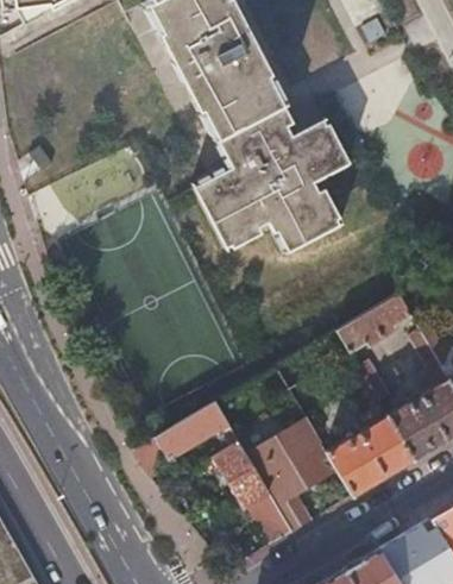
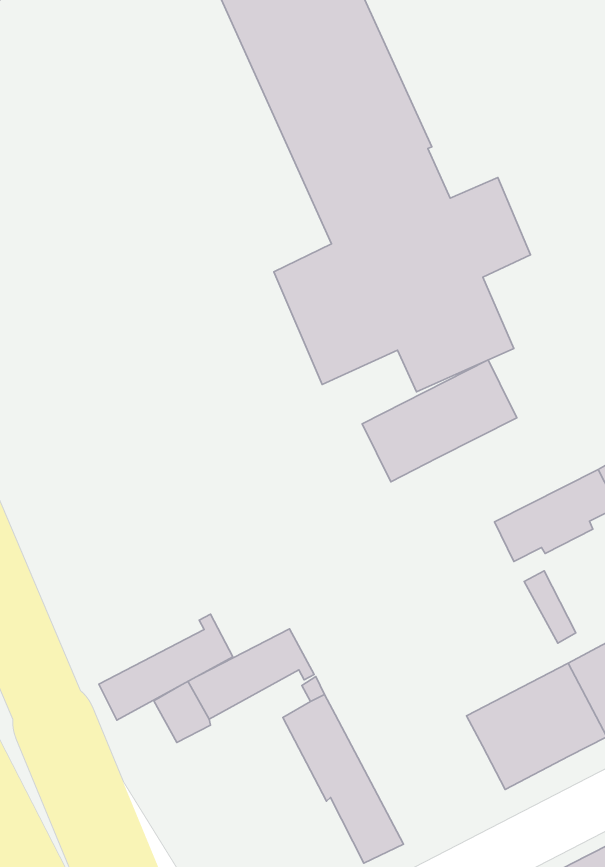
building: none -> [362,360,517,482]
building: none -> [99,614,233,720]
building: [246,419,338,532] -> none

